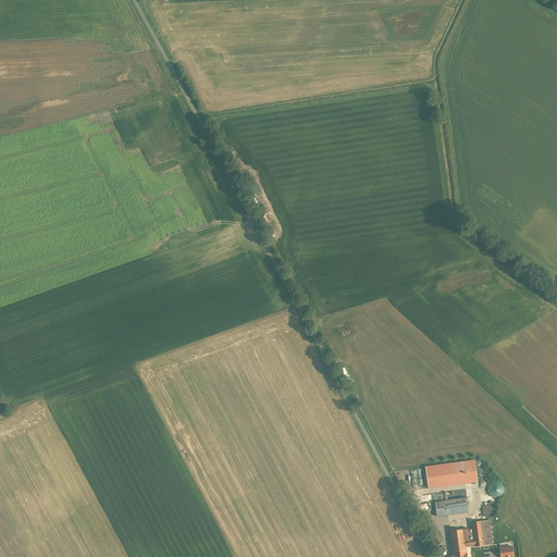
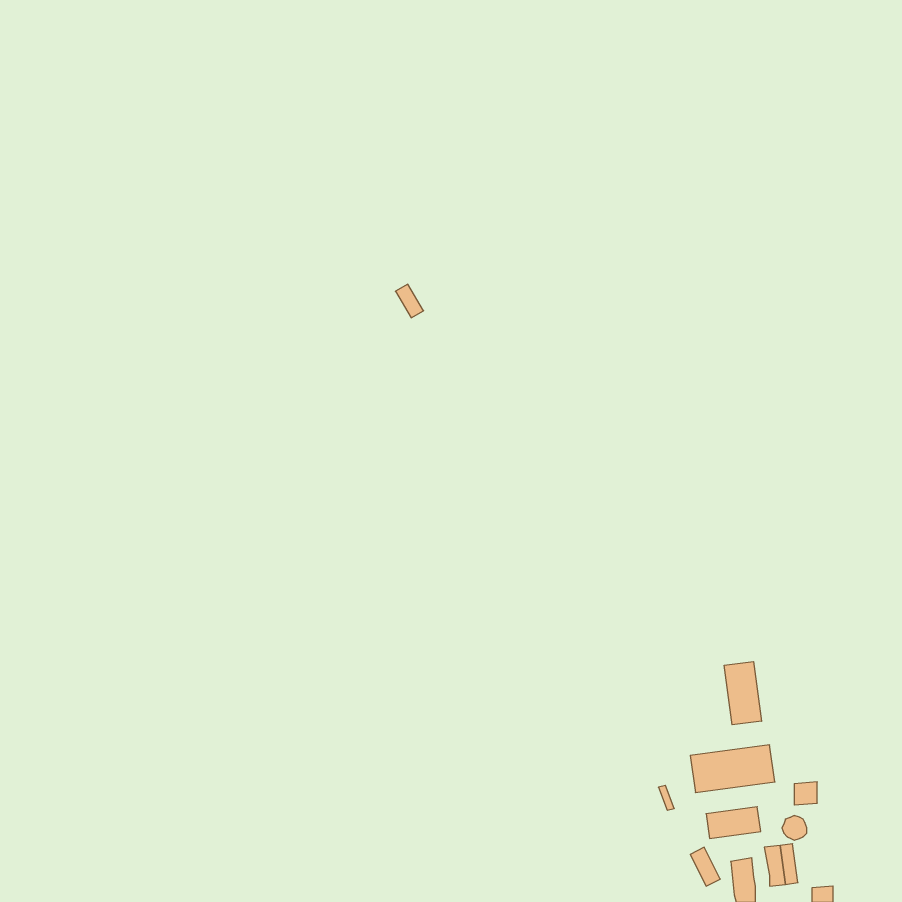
building: none -> [724,662,762,725]

